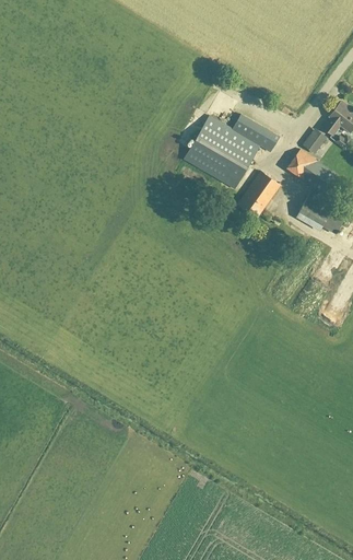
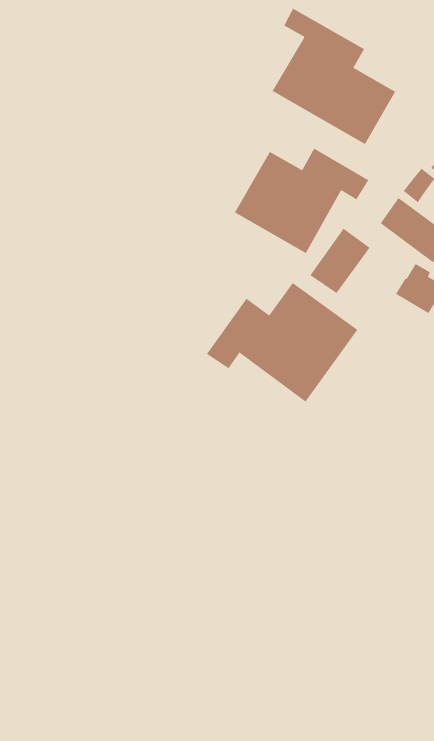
building: none -> [272,8,396,145]
building: none -> [206,282,358,402]

